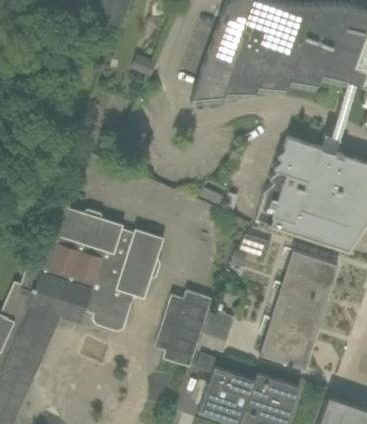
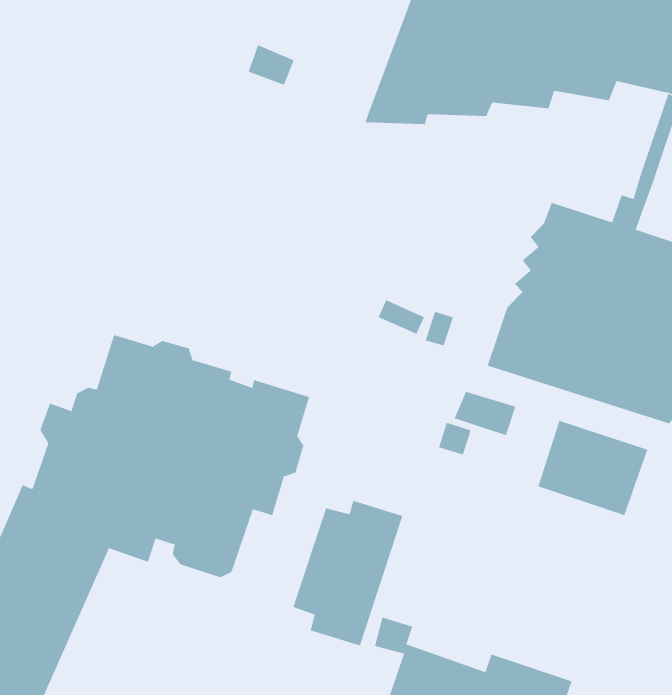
building: [258,284,326,369] -> none
building: [199,310,233,352] -> none

